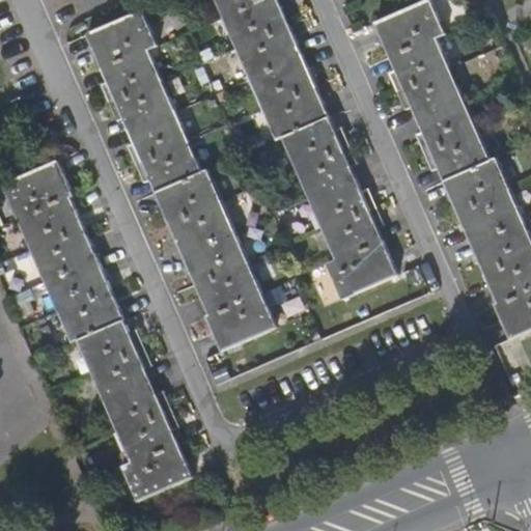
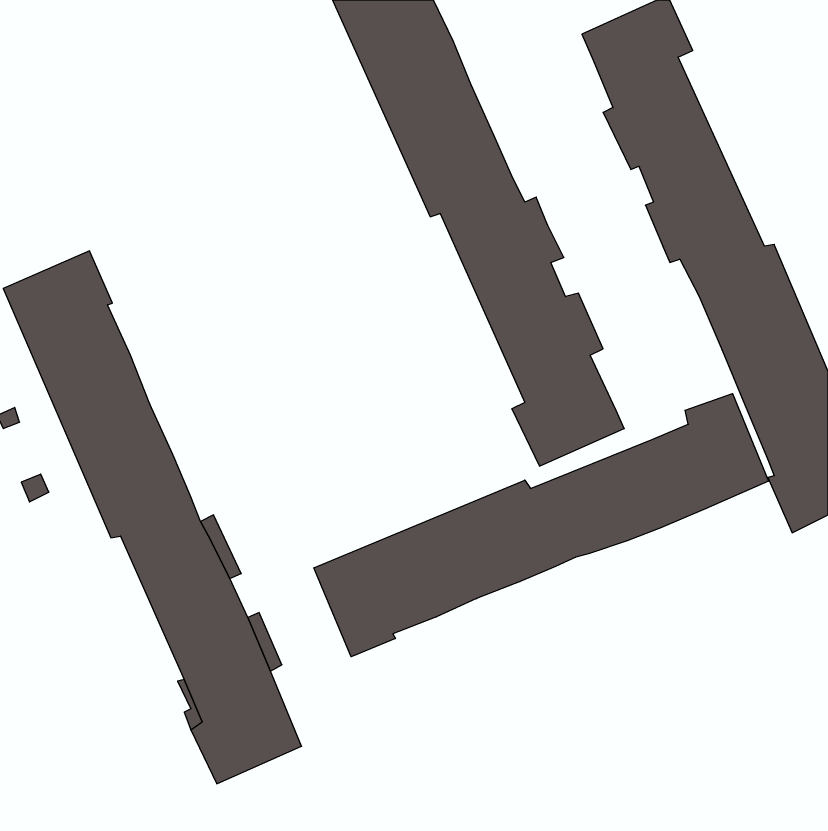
building: [86,9,278,351] -> none
building: none -> [314,394,768,657]

